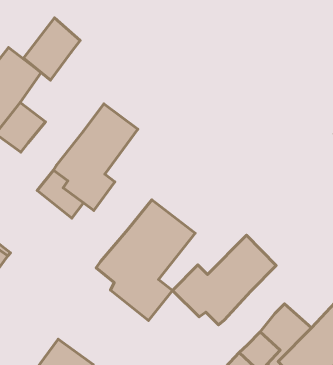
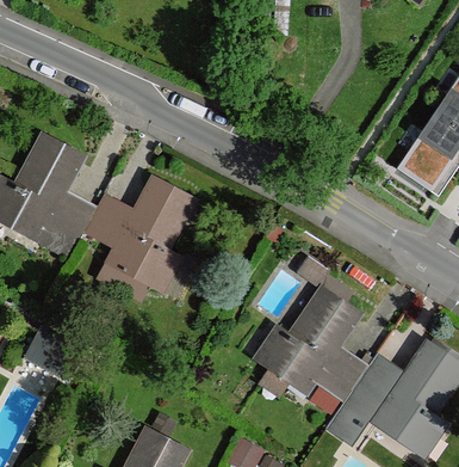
building: [23,18,80,80] -> none
building: none -> [81,192,136,248]
building: [96,200,195,320] -> none
building: none -> [315,345,366,401]

